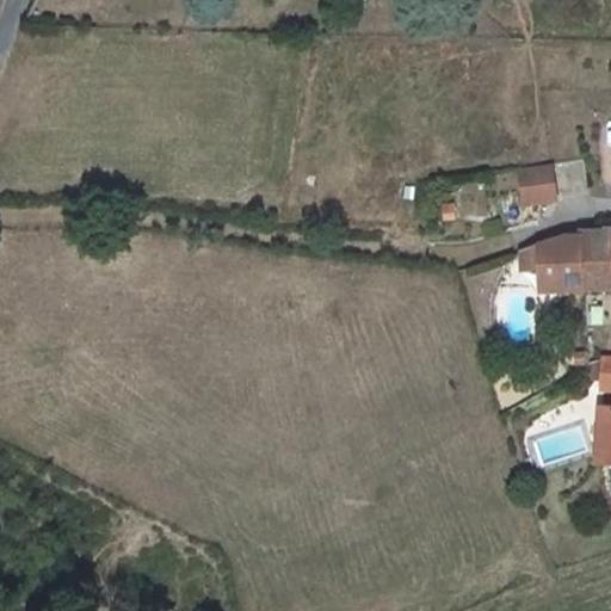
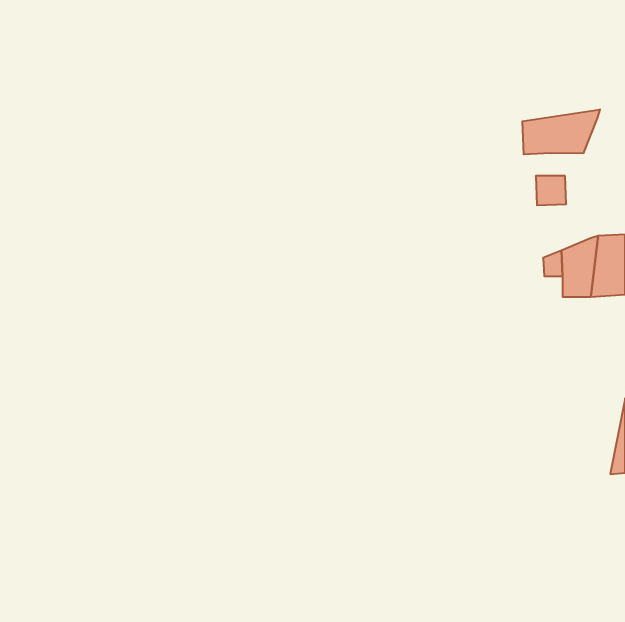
building: none -> [522,109,600,154]

